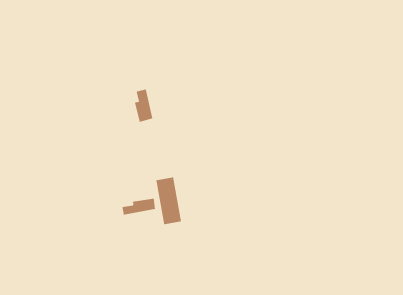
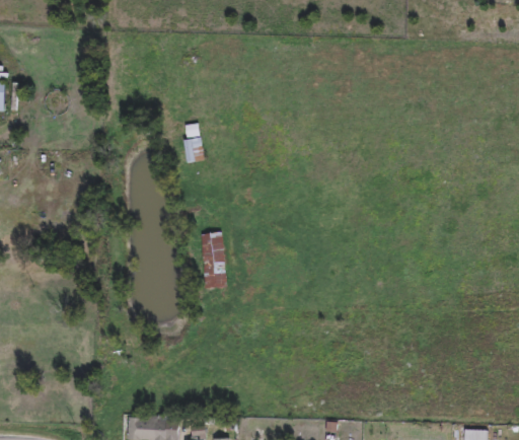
building: [122,198,156,216] -> none

